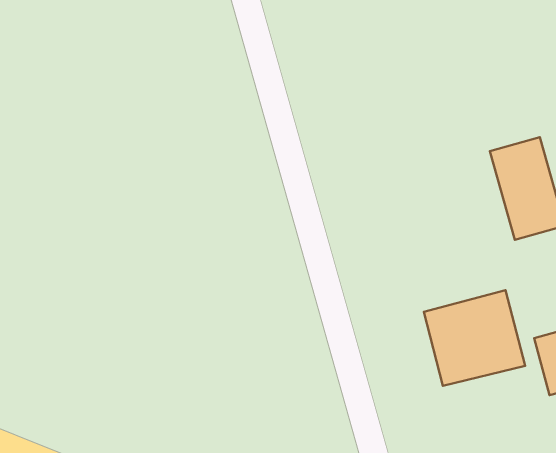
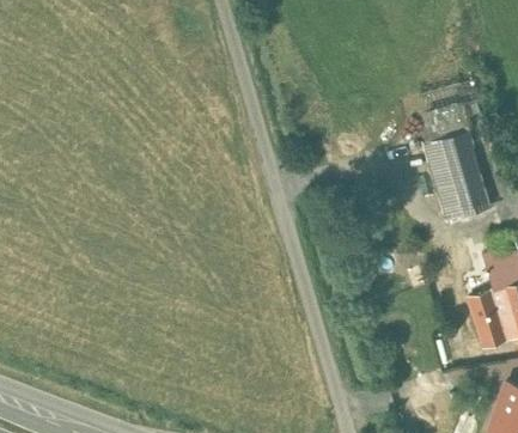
building: [424,290,525,386] -> none

